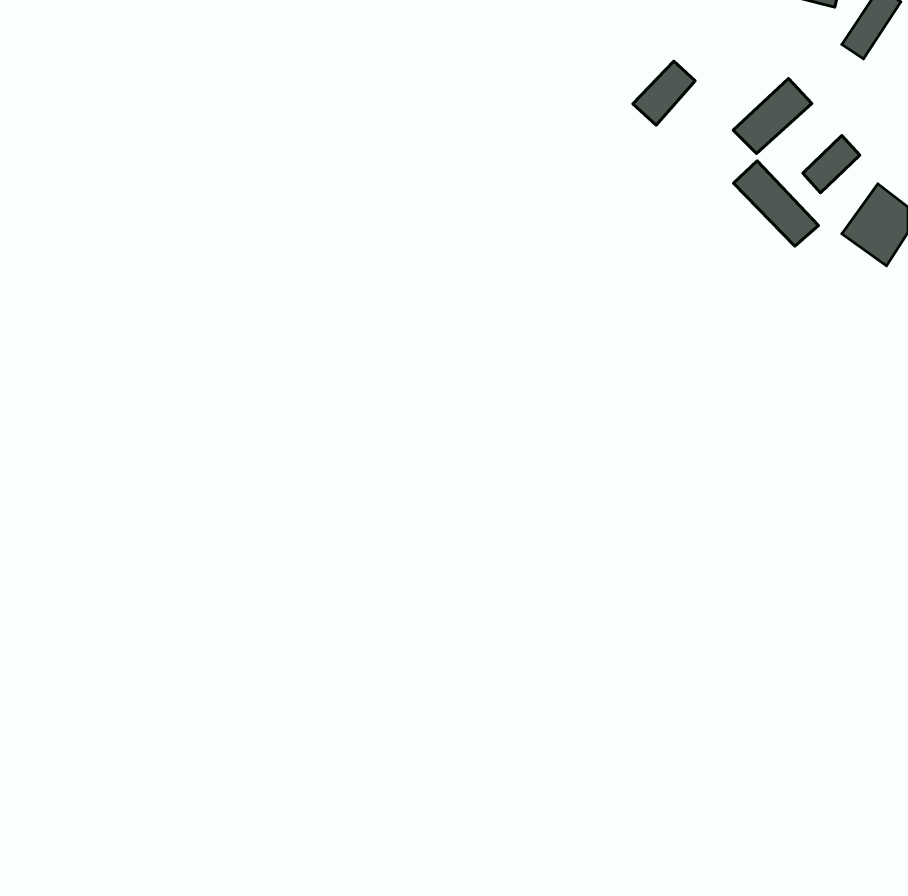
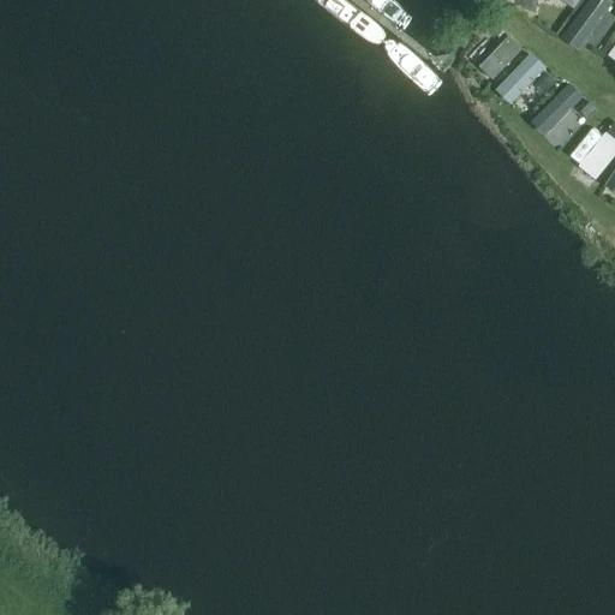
building: [633,61,695,125] -> [480,35,523,78]
building: [734,161,819,246] -> none

